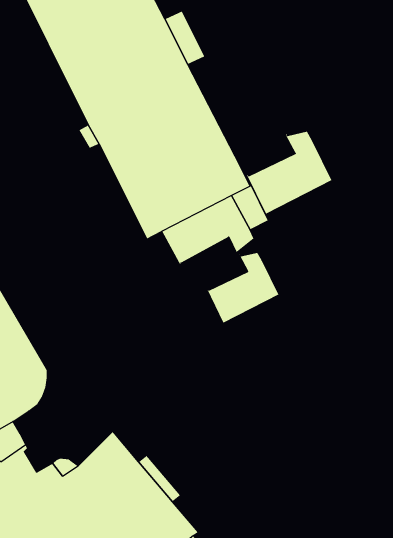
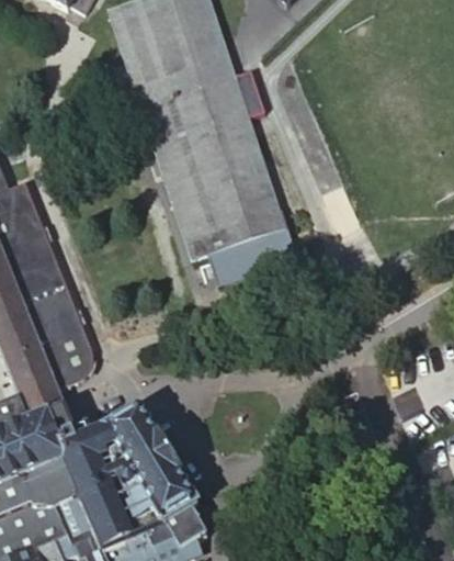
building: [246,131,332,215] -> none
building: [206,252,279,324] -> none

